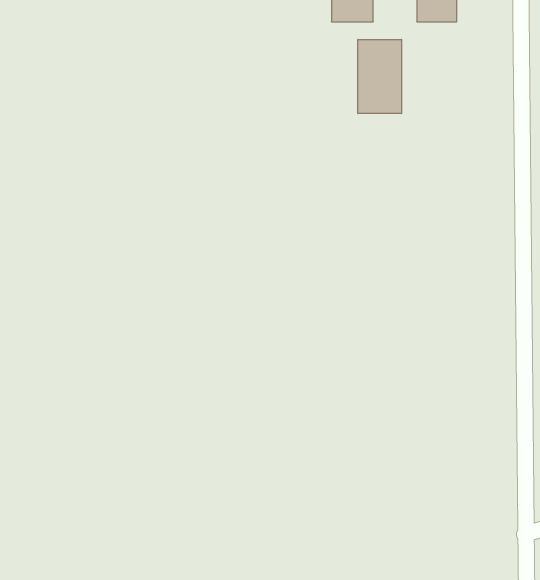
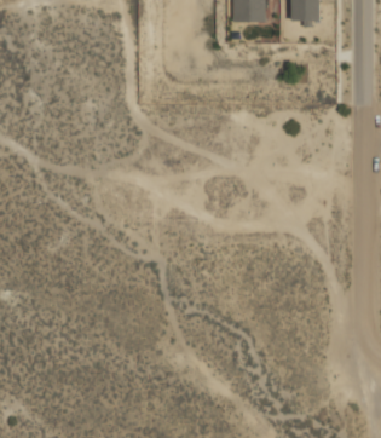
building: [358,39,401,114] -> none

